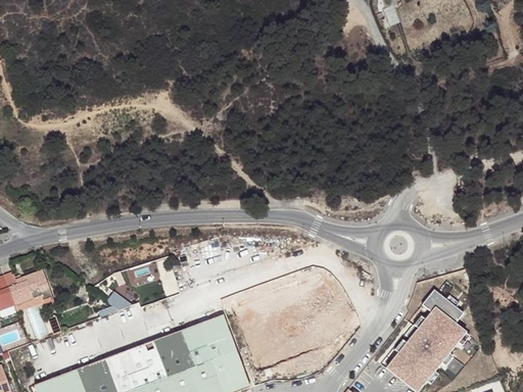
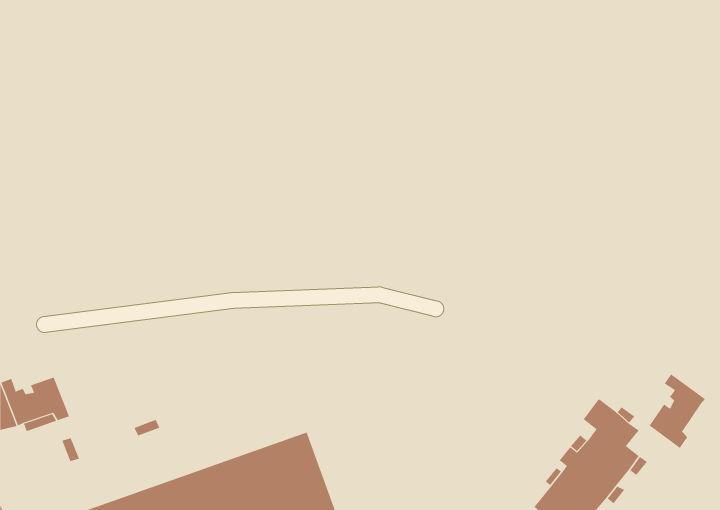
building: none -> [649,373,706,449]

